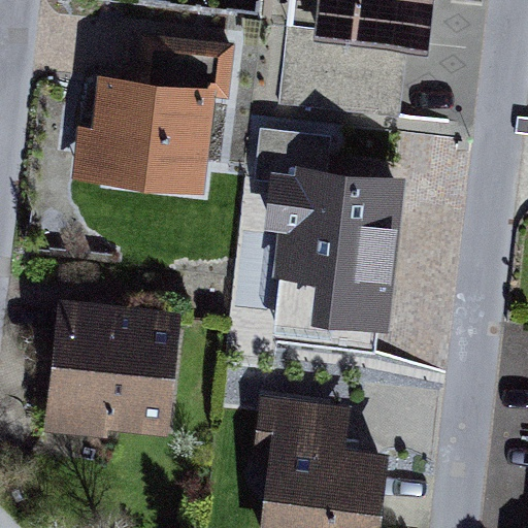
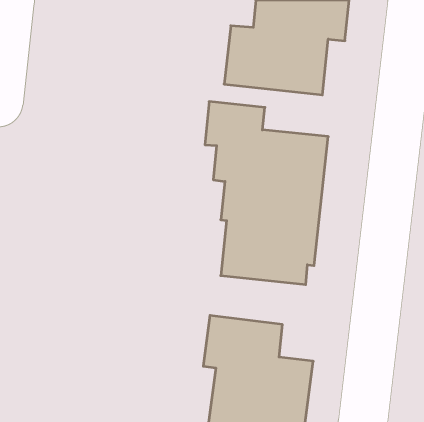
building: [69,35,234,194] -> none
building: [42,297,182,436] -> none

